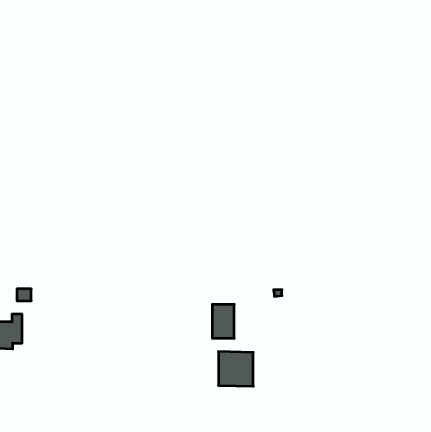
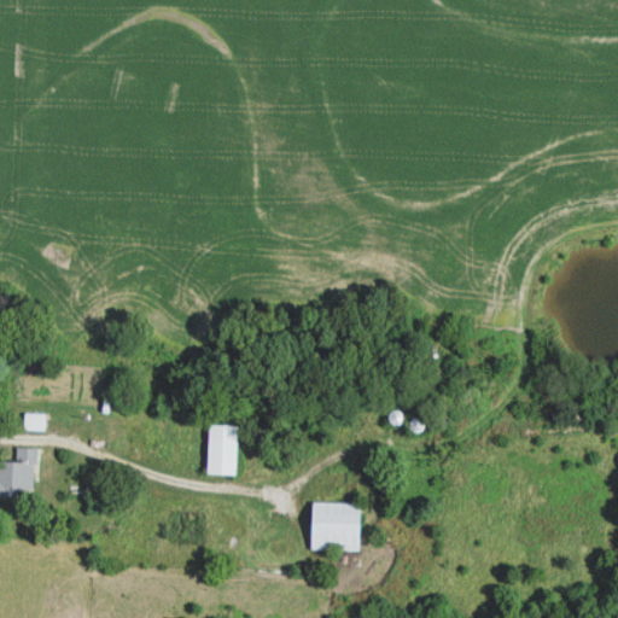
building: [212,304,234,338] -> [208,425,239,473]

